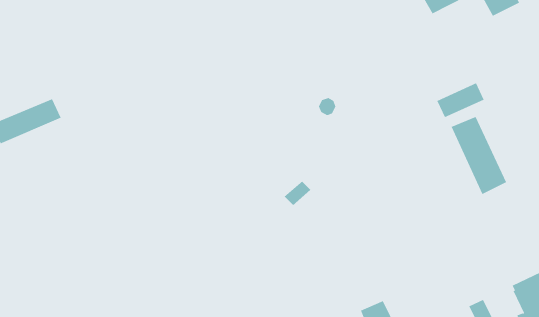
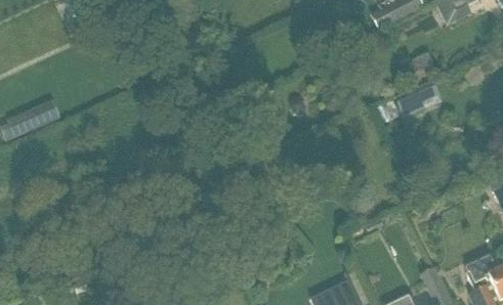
building: [451,116,507,195] -> none

